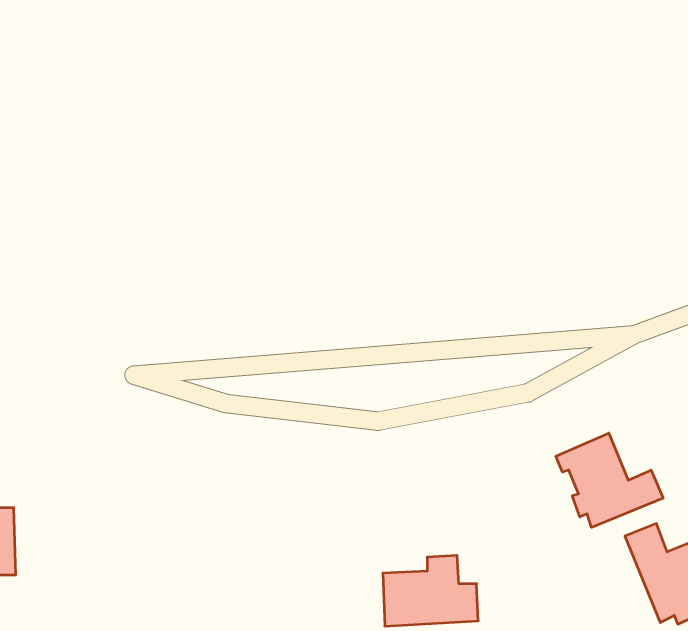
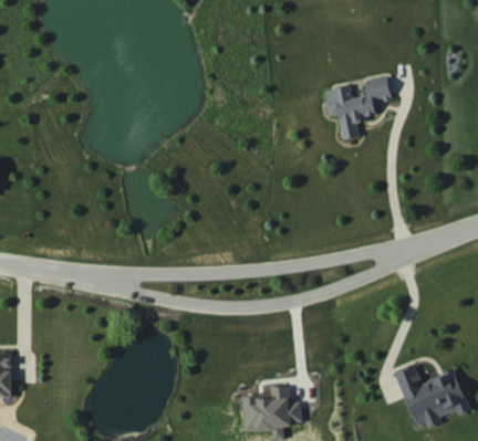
building: none -> [324,76,391,139]
building: [556,433,663,527] -> none

